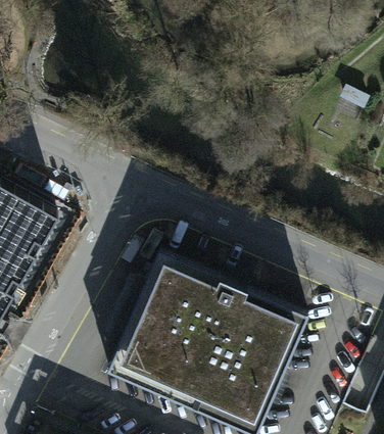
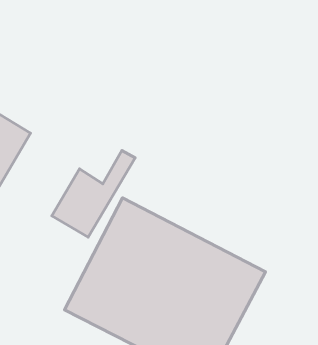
building: none -> [52,150,135,237]

